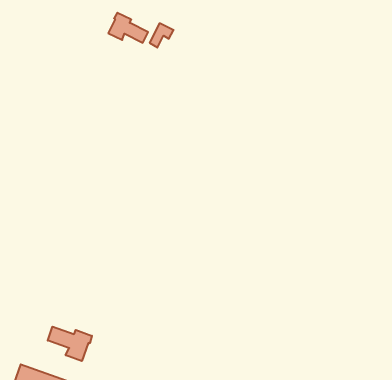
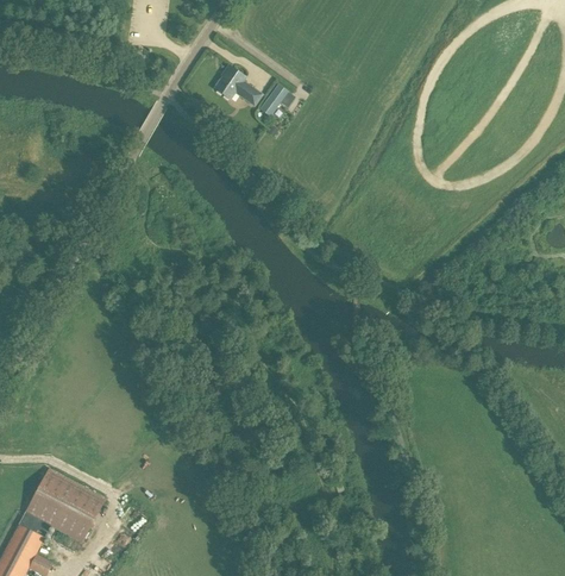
building: [48,327,92,361] -> none

